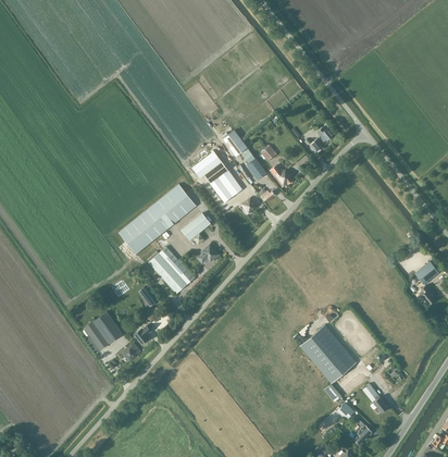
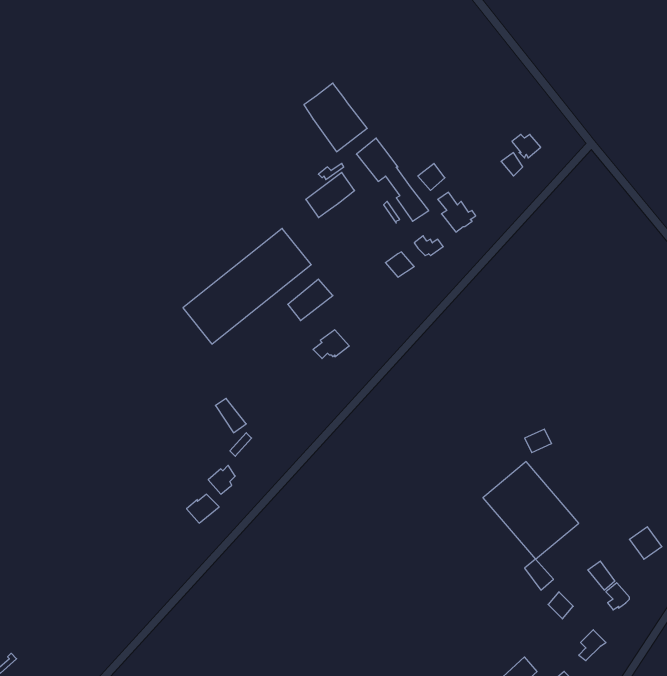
building: [204,161,242,202] -> [304,83,367,152]
building: [147,246,195,294] -> none
building: [84,311,123,353] -> none

